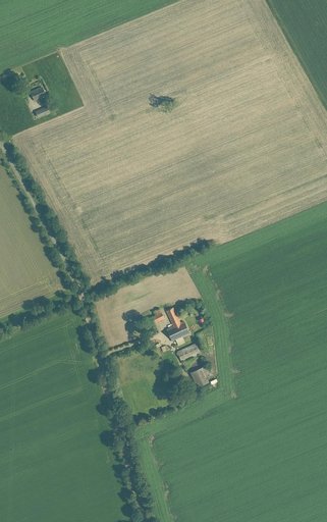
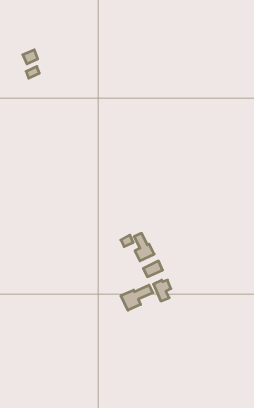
building: none -> [121,285,153,310]

